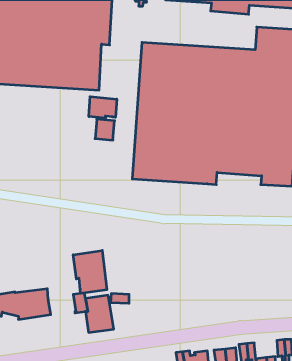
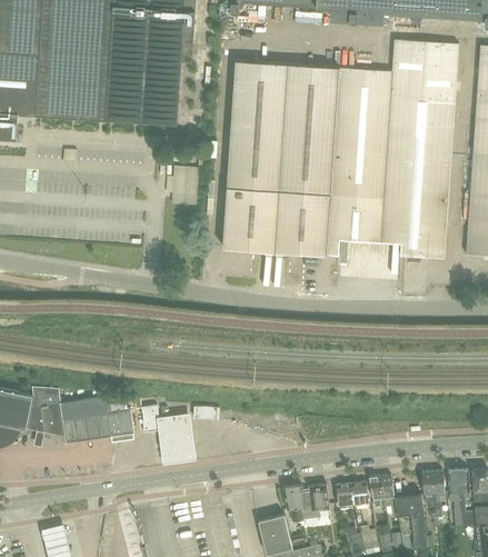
building: [89,97,117,118] -> none
building: [73,250,107,293] -> none
building: none -> [107,410,133,441]

